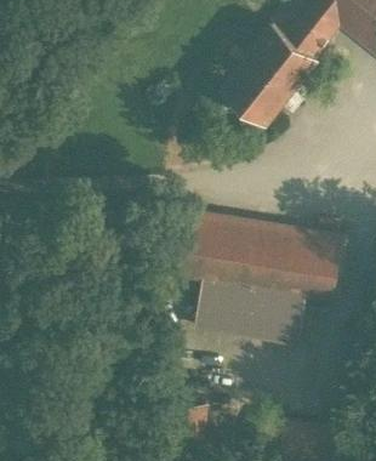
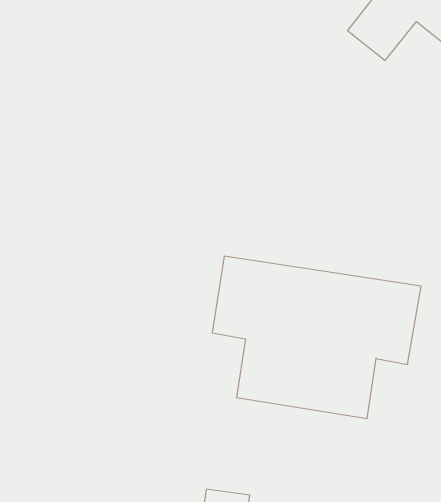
building: [223,24,319,124] -> none

